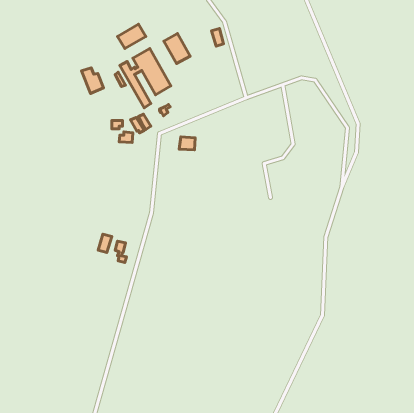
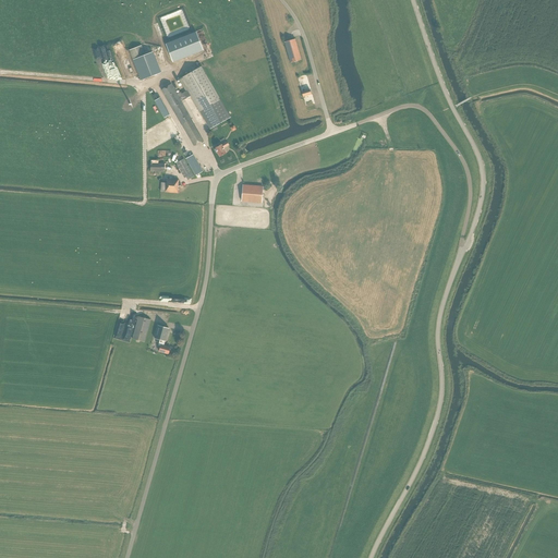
building: [164,34,190,64] -> none
building: [82,68,103,94] -> [129,45,158,80]

